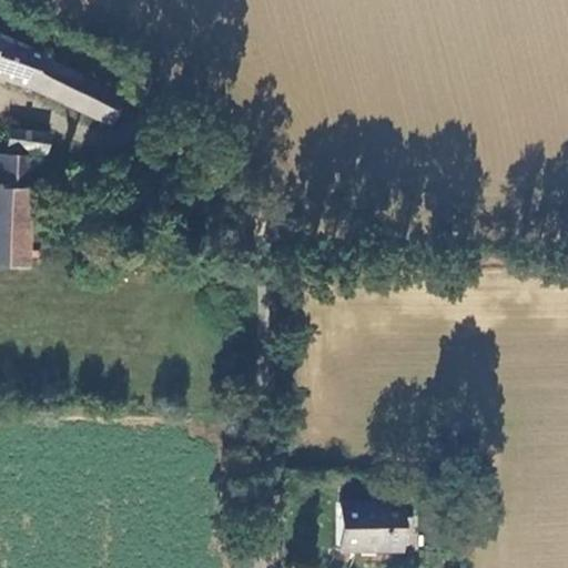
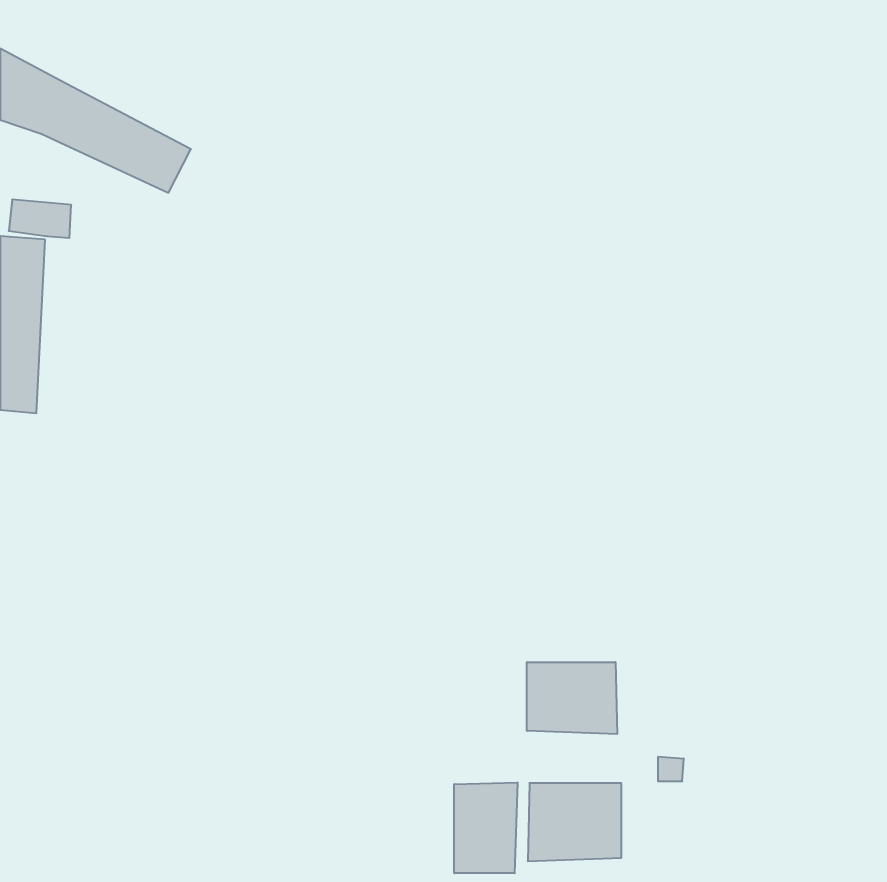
building: none -> [527,662,617,734]
building: none -> [454,782,517,873]

